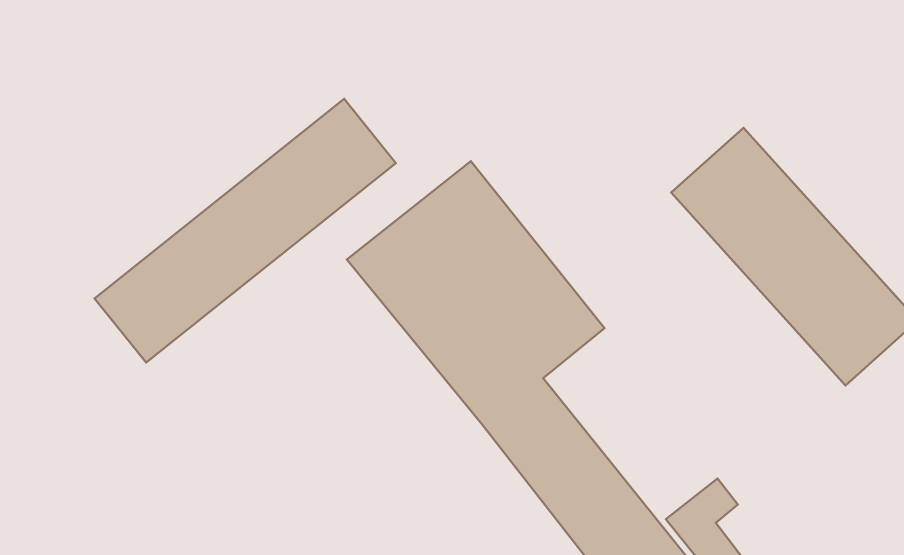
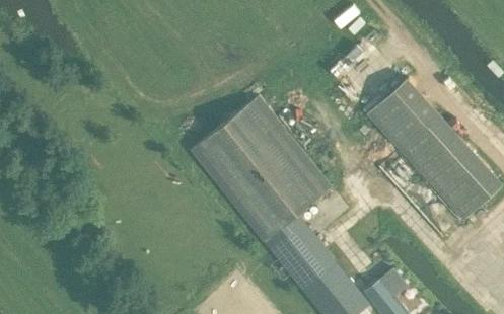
building: [94,99,396,363] -> none

